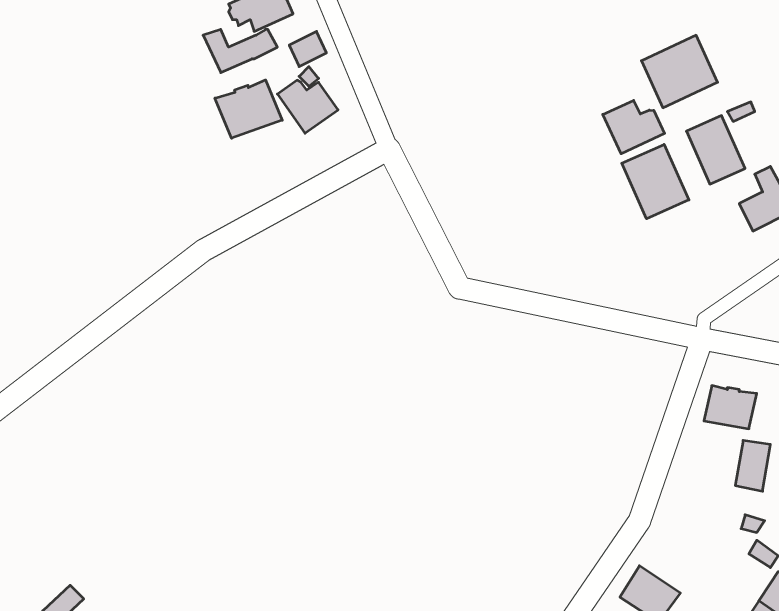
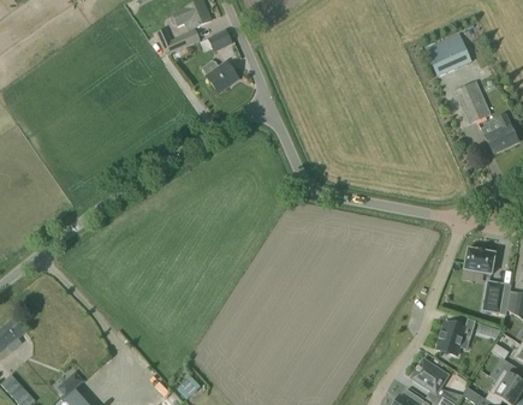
building: [215,80,282,138] -> none
building: [603,100,665,154] -> none
building: [622,144,689,219] -> none
building: none -> [436,318,475,355]

